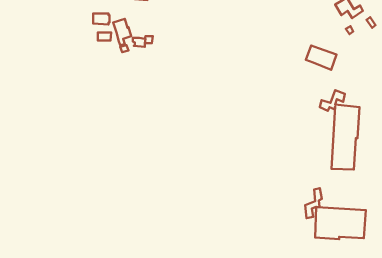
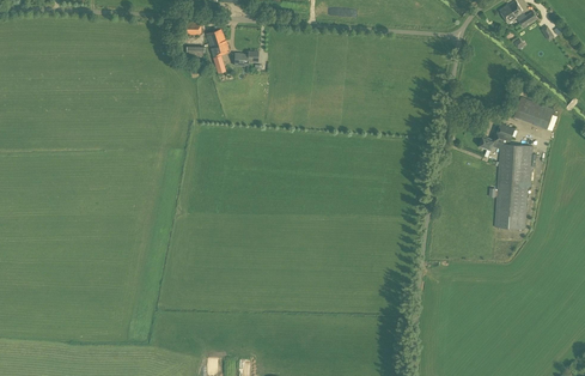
building: [306,45,337,70] -> [514,97,555,129]
building: [305,188,366,239] -> none

